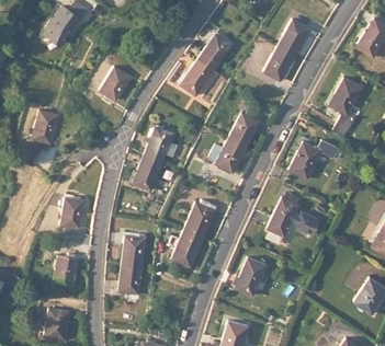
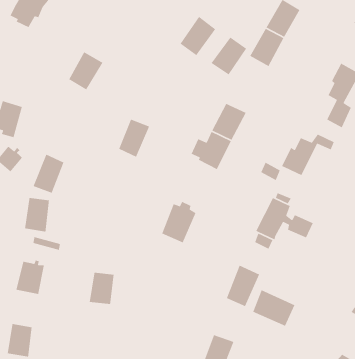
building: [182,60,215,95] -> [211,36,247,76]
building: [133,154,161,191] -> [33,153,64,194]
building: [170,230,203,267] -> none
building: [123,235,145,266] -> none
building: none -> [252,289,295,327]

